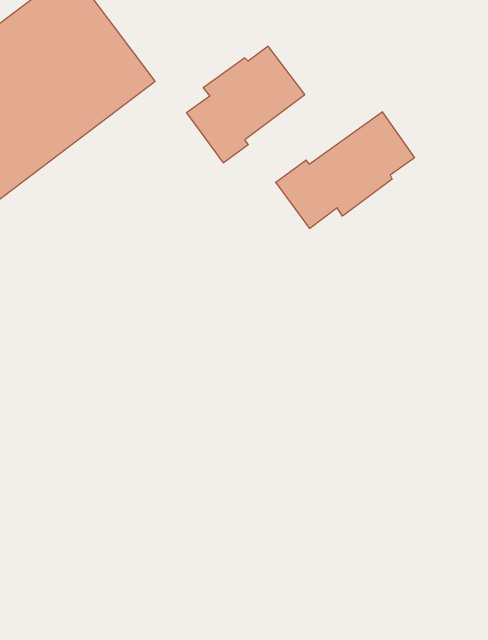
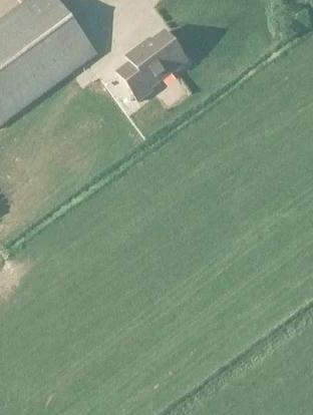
building: [276,112,415,228] -> none

